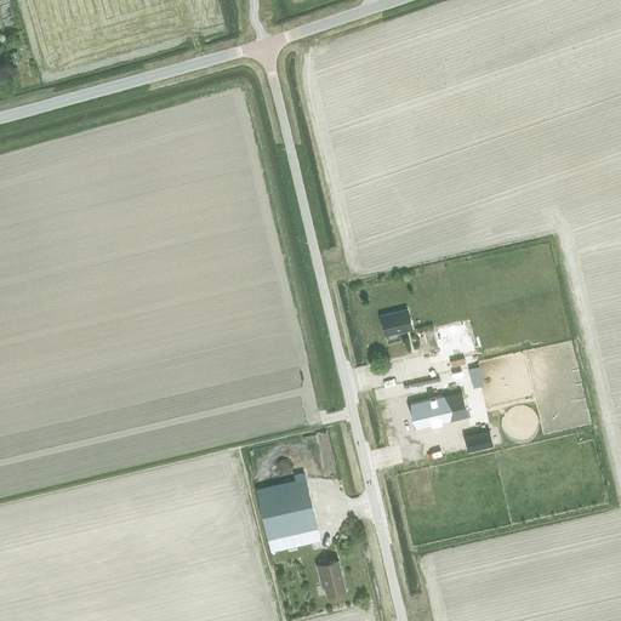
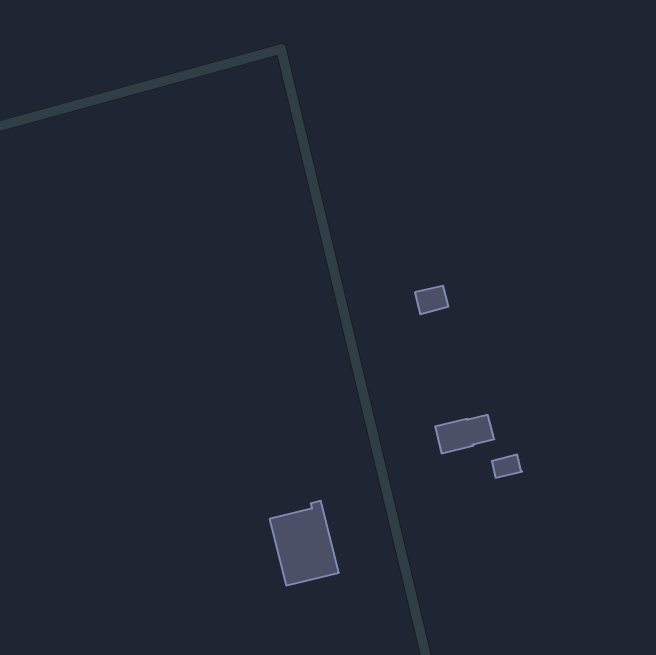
building: [380,310,411,337] -> [415,286,448,314]
building: [317,562,344,597] -> none

